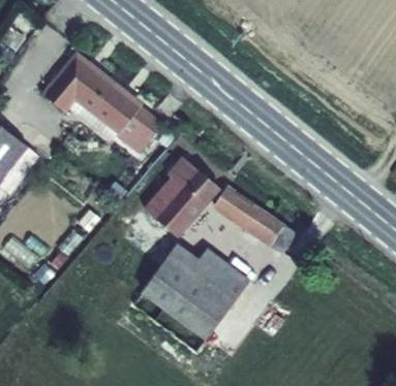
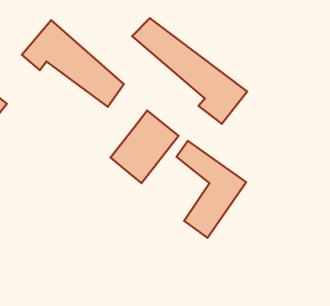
building: none -> [132,18,247,124]
building: [145,246,246,341] -> none

